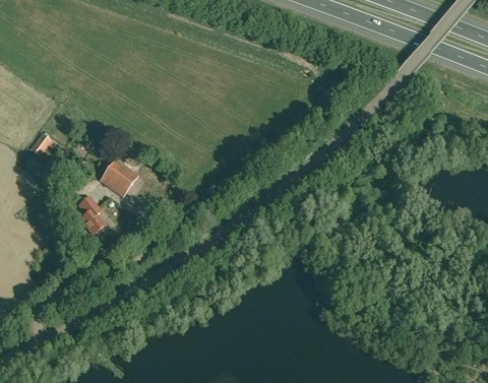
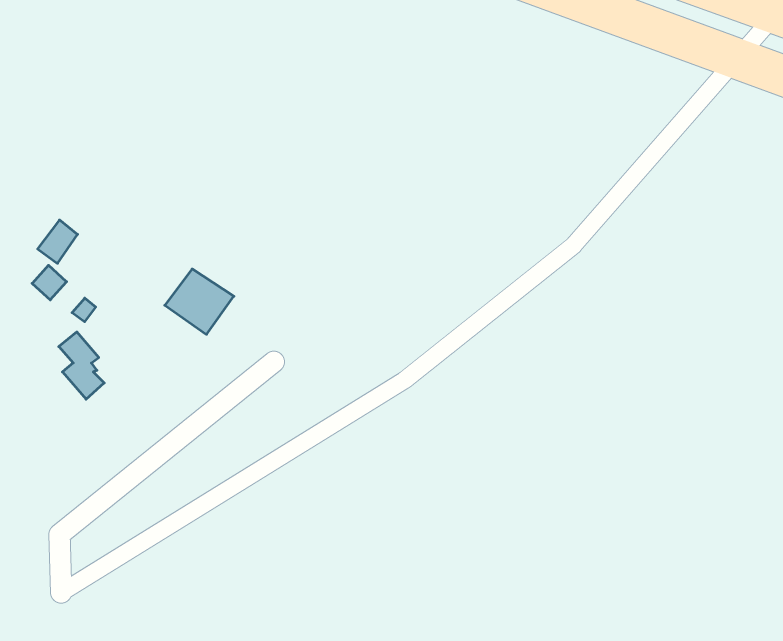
building: [78,196,104,234] -> [59,332,104,399]

